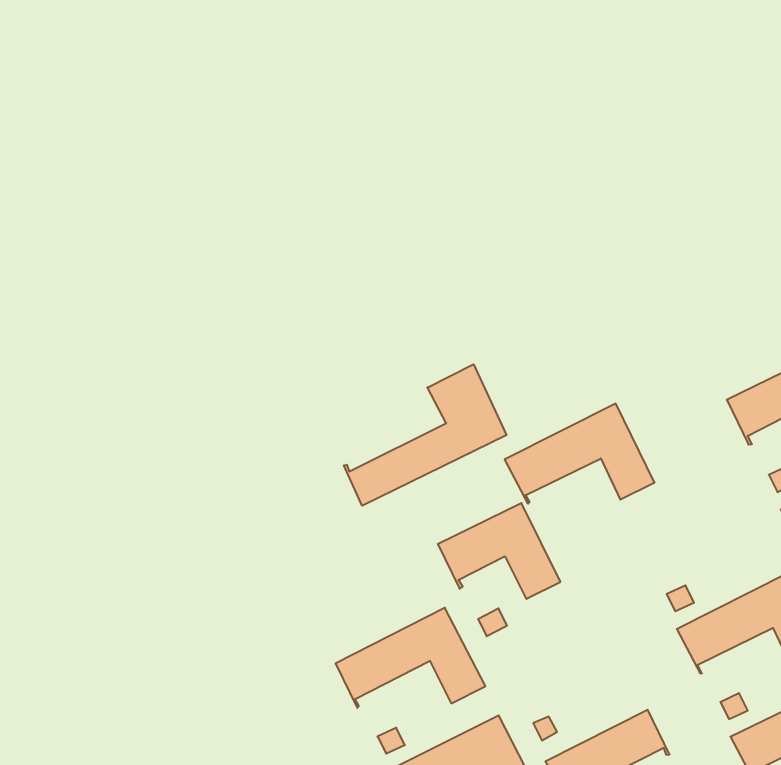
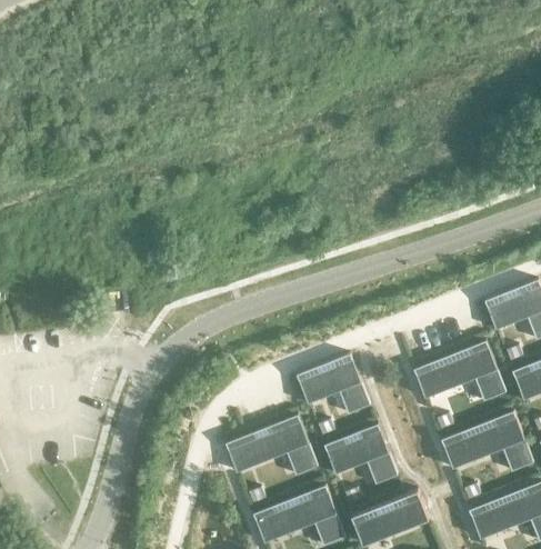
building: [344,364,507,506] -> none
building: [505,404,655,504] -> [413,342,505,402]
building: none -> [324,425,399,485]

